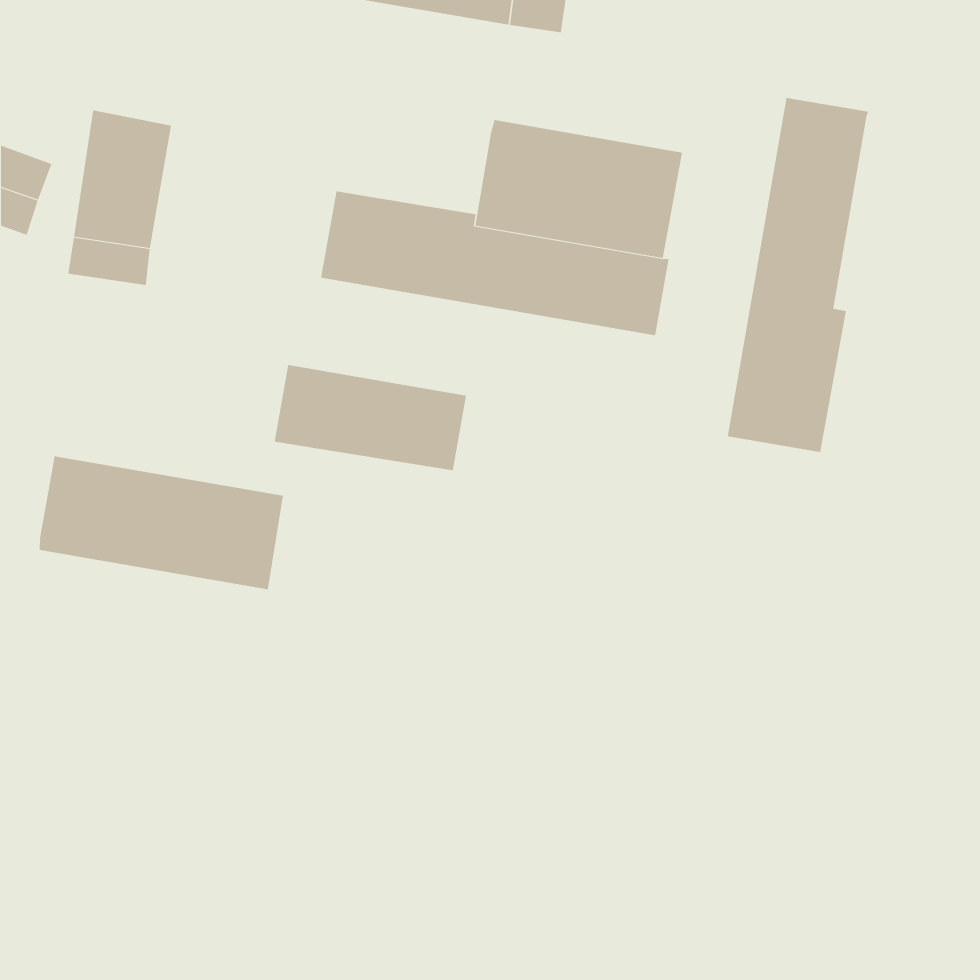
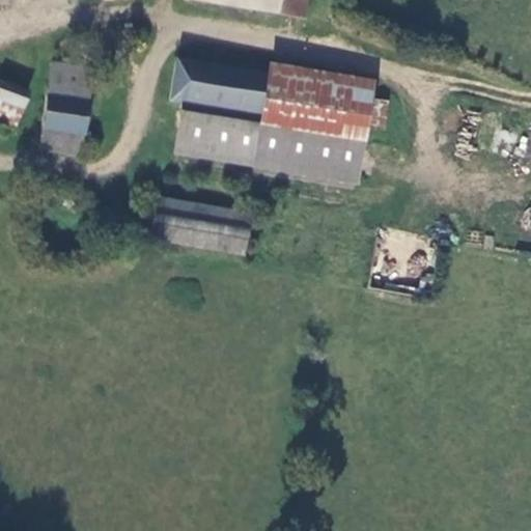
building: [727,97,869,453] -> none
building: none -> [169,56,267,115]
building: [39,456,284,590] -> none

